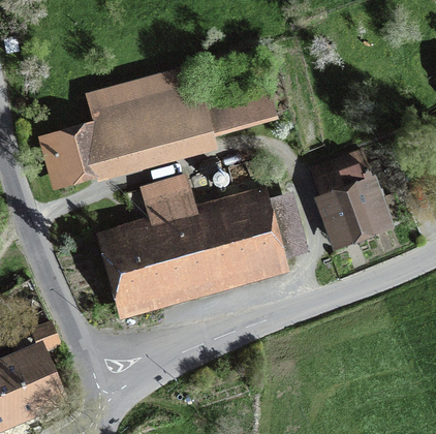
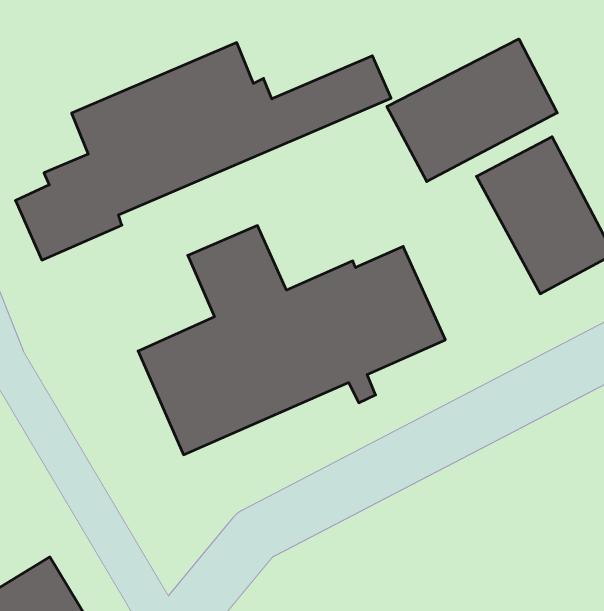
building: none -> [387,39,557,182]

